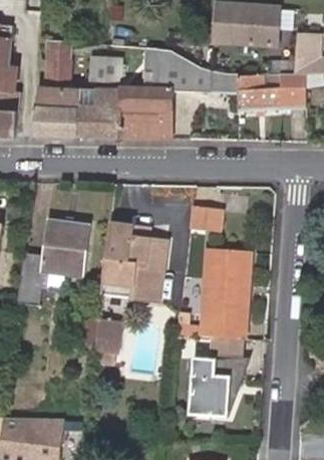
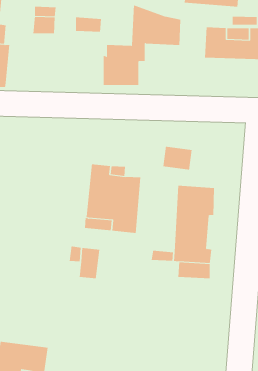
building: [33,85,126,137] -> none
building: [18,217,91,304] -> none
building: [192,358,245,414] -> none

